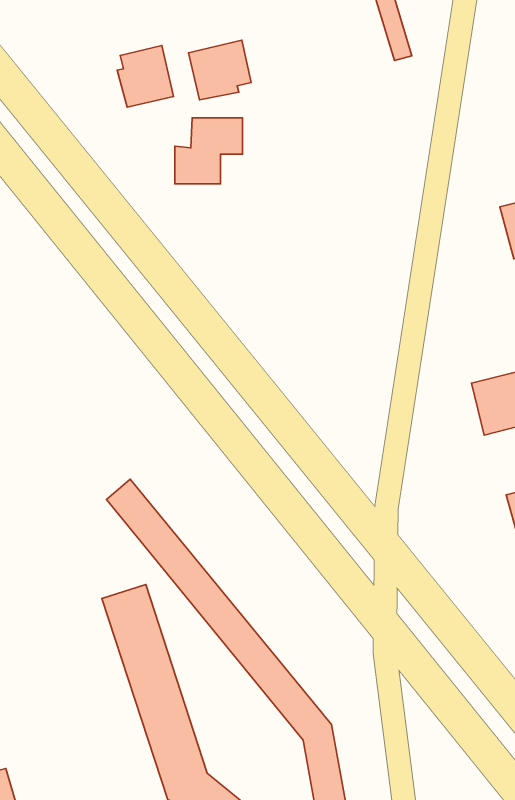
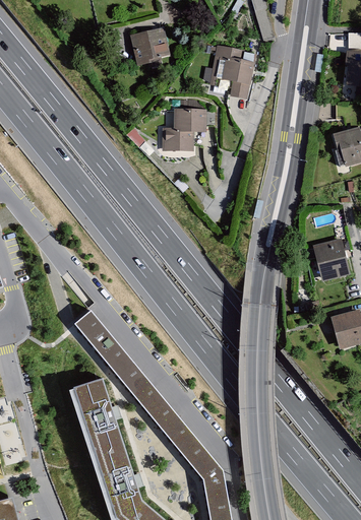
building: [117,45,173,107] -> none
building: none -> [207,45,252,98]
building: [175,118,243,184] -> [162,108,205,150]

